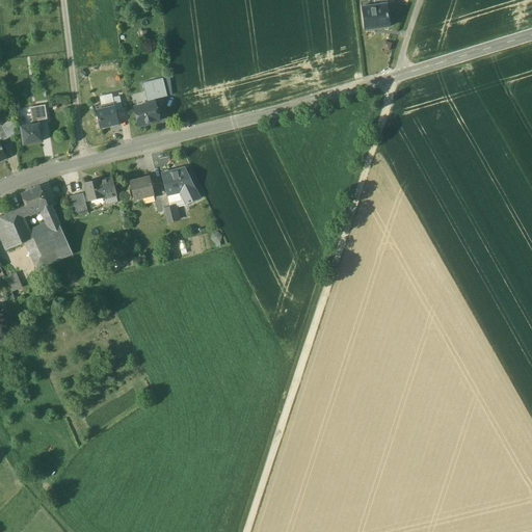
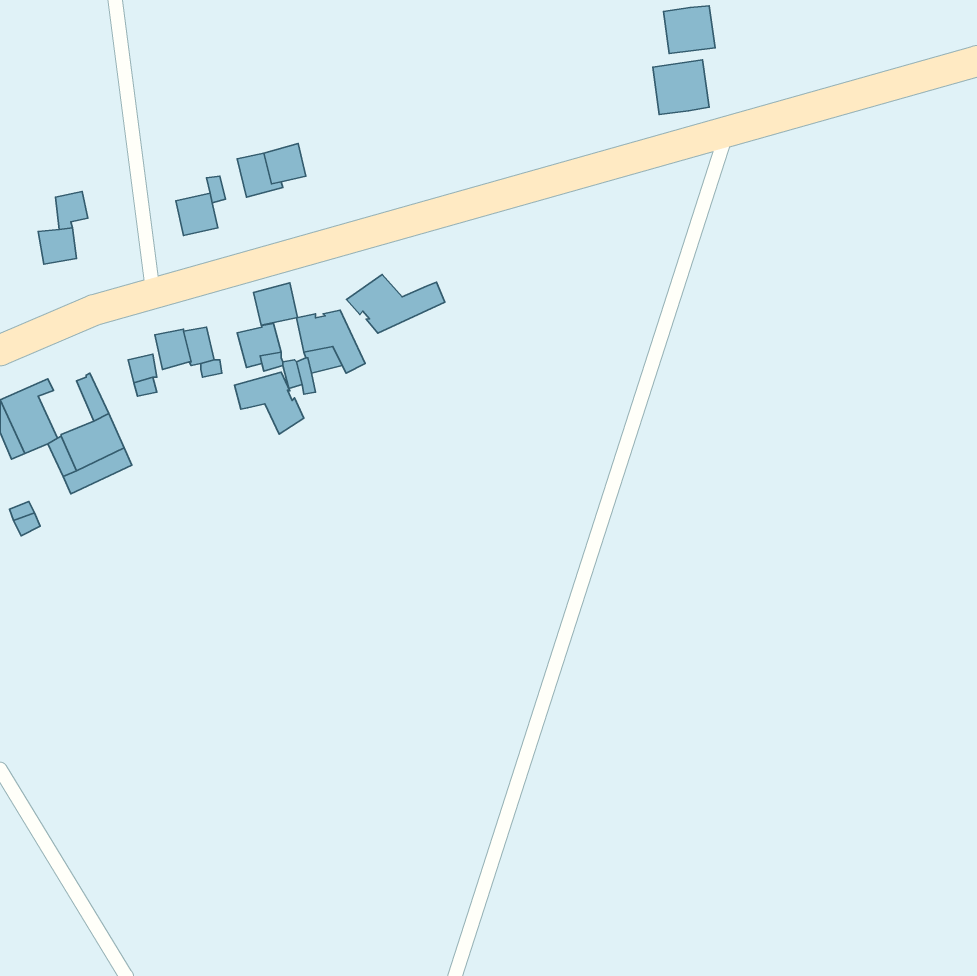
building: none -> [653,60,709,115]
building: [134,102,158,125] -> [254,283,297,325]
building: none -> [346,274,445,333]
building: [21,185,47,212] -> none
building: none -> [235,372,304,434]

